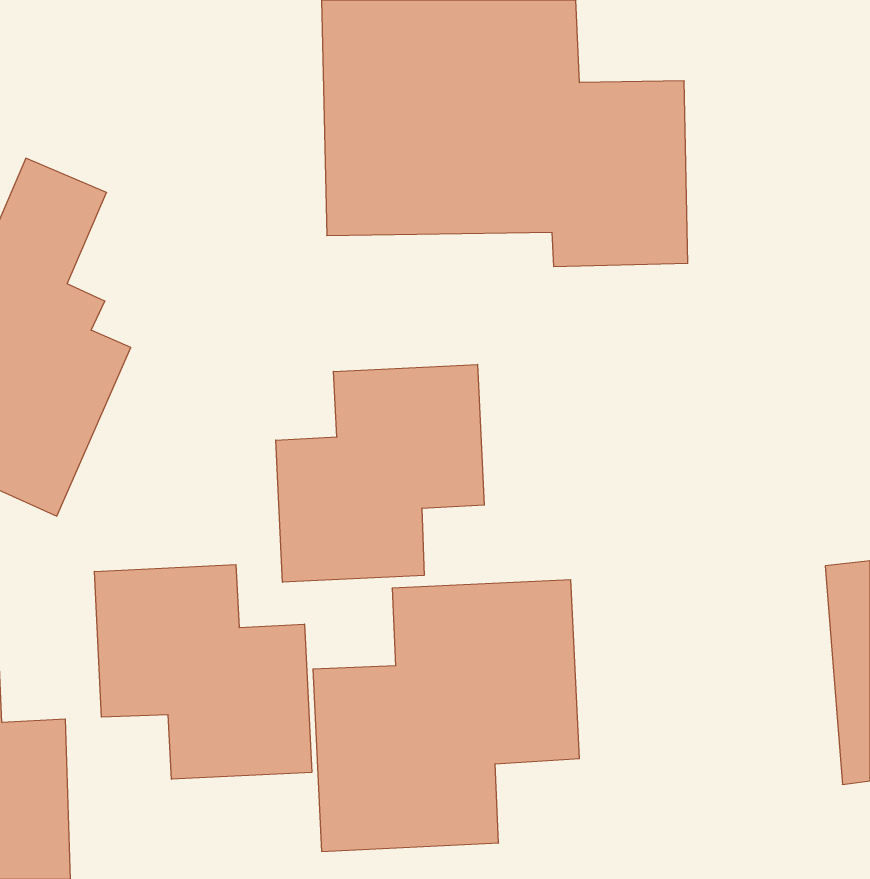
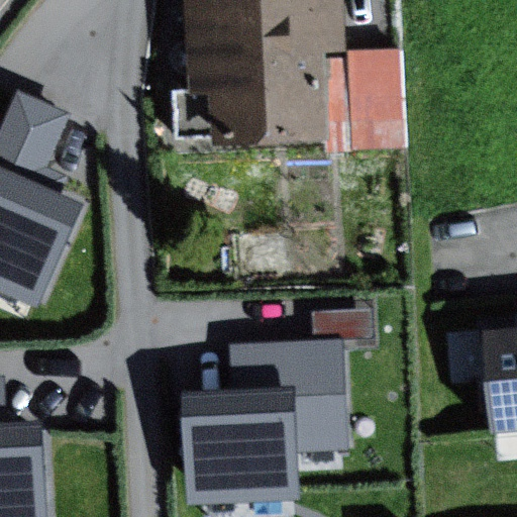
building: [276,364,484,582] -> none
building: [94,565,312,779] -> none

